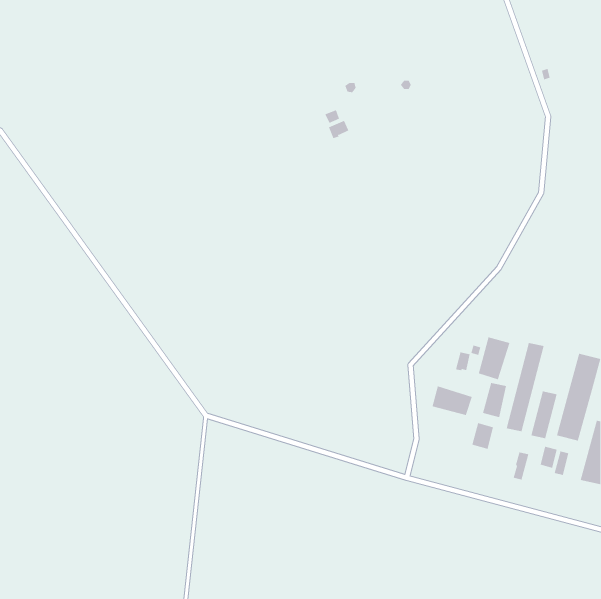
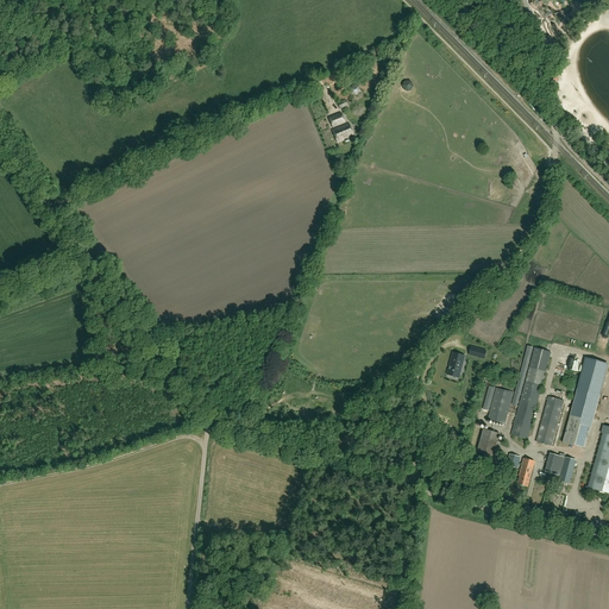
building: [478,336,510,380] -> none
building: [432,385,472,416] -> none

